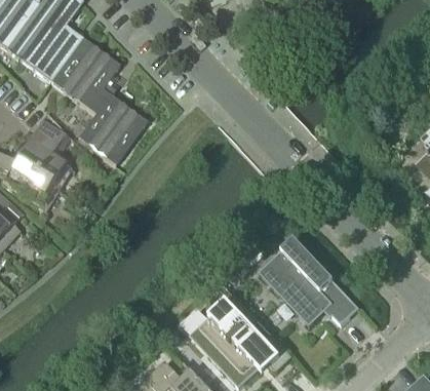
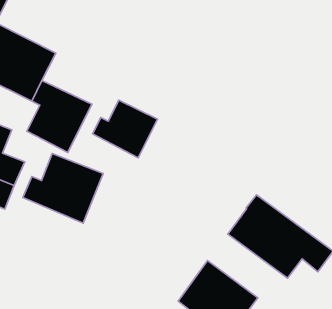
building: none -> [93,100,157,158]
building: none -> [23,153,103,223]

